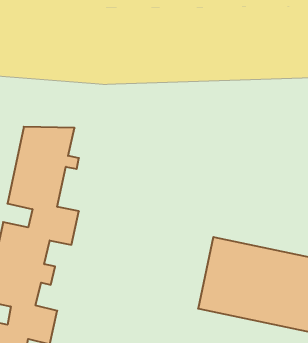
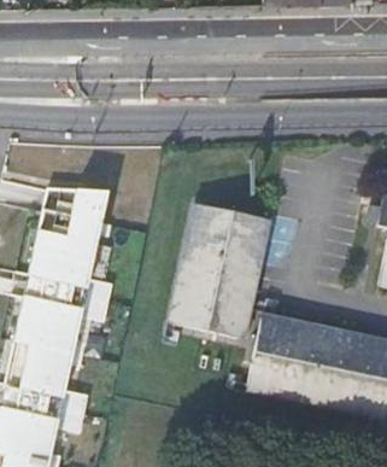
building: none -> [171,200,265,335]

